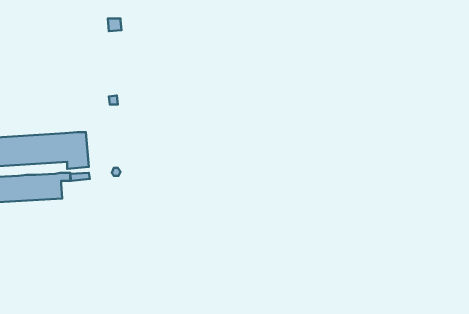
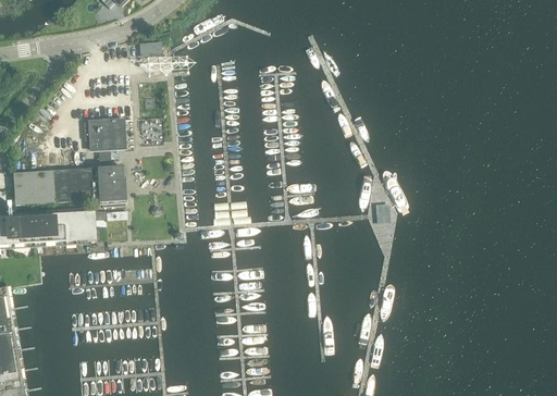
building: none -> [79,117,120,166]

